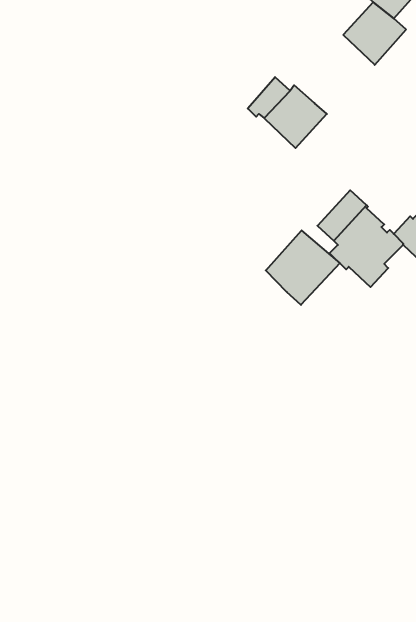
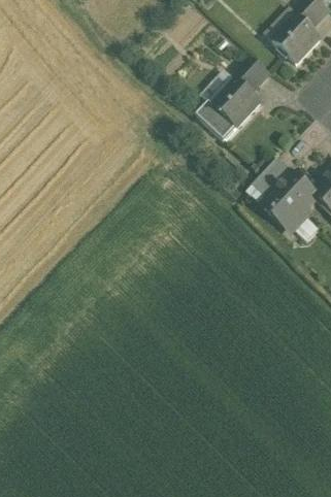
building: none -> [233,56,270,92]
building: none -> [197,100,238,140]
building: [266,230,340,305] -> none

